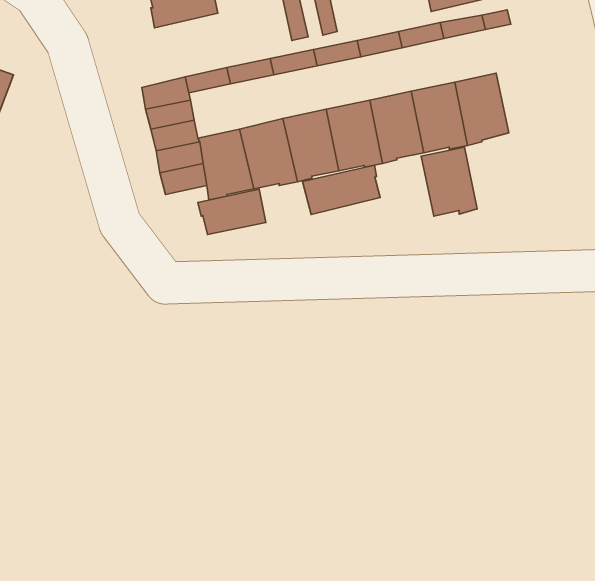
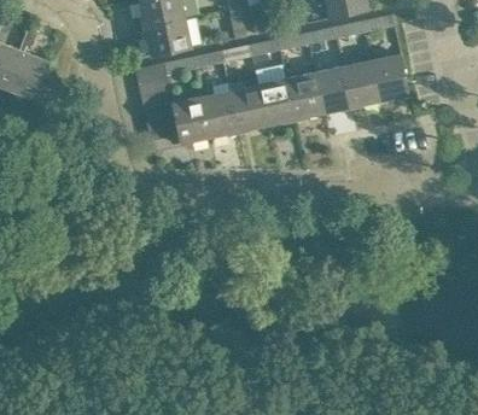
building: none -> [144,21,192,57]
building: [421,147,477,216] -> [372,54,409,100]
building: [303,165,380,214] -> none
building: [198,189,266,235] -> none

